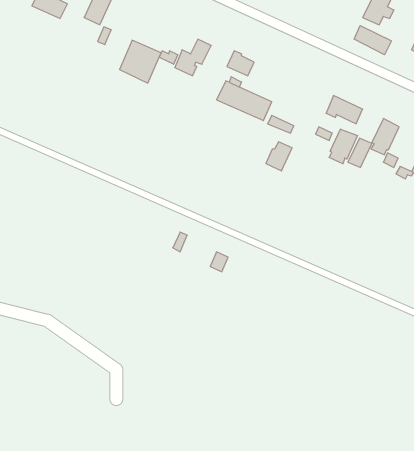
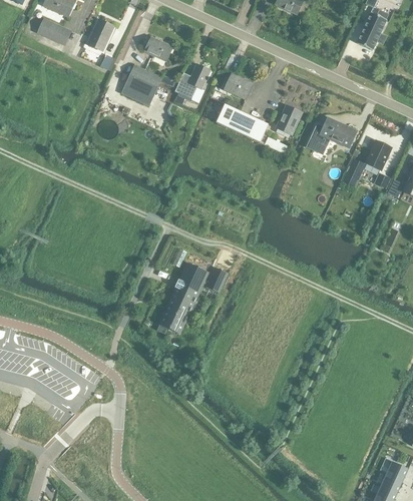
building: none -> [144,35,172,59]
building: [354,26,391,55] -> none
building: [329,129,357,164] -> none
building: [266,142,292,171] -> [276,106,301,134]
building: none -> [161,264,207,332]

